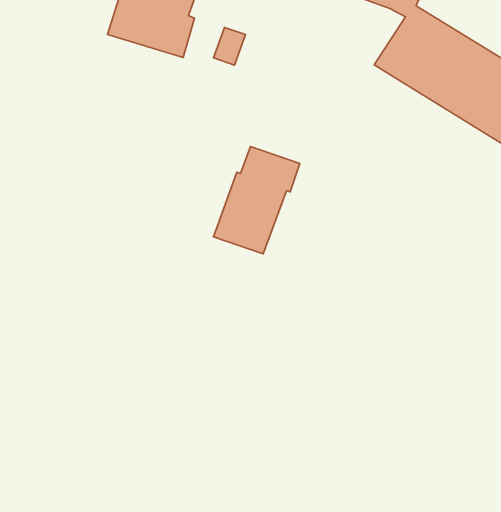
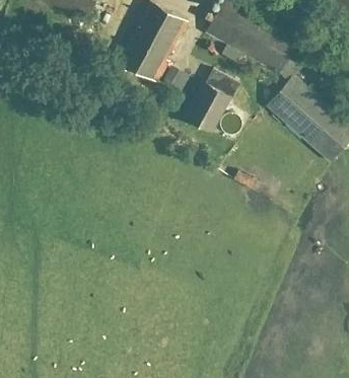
building: [214,147,300,254] -> [186,69,241,131]

